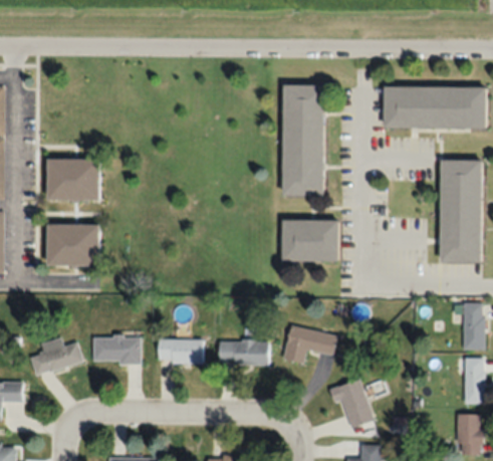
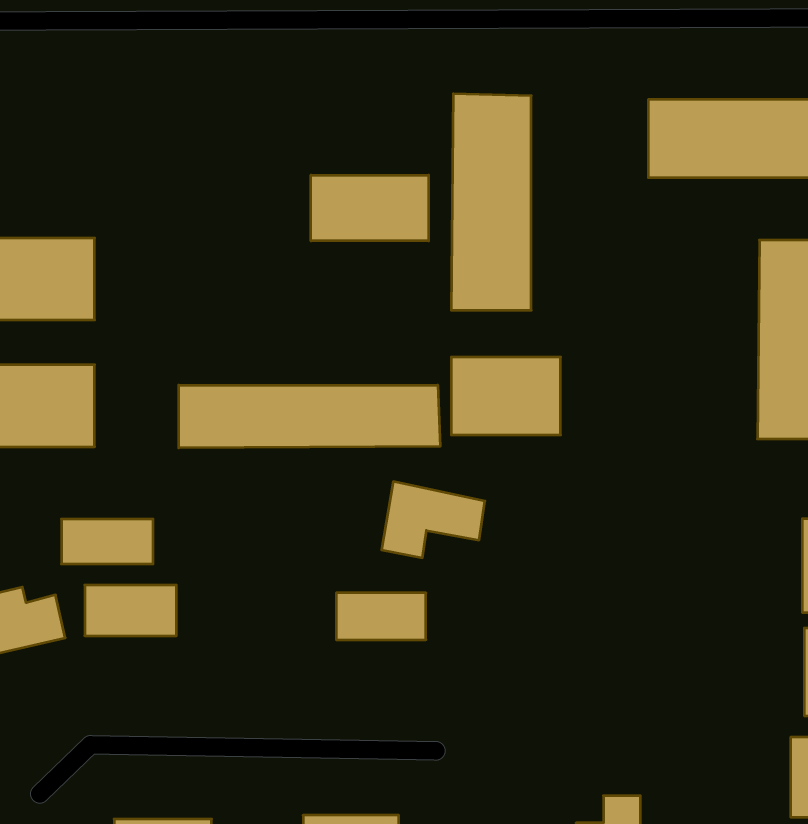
building: none -> [311,175,429,241]
building: none -> [179,385,440,448]
building: [283,324,336,364] -> [382,482,485,558]
building: [158,339,205,363] -> [61,519,153,564]
building: [328,379,374,428] -> none

